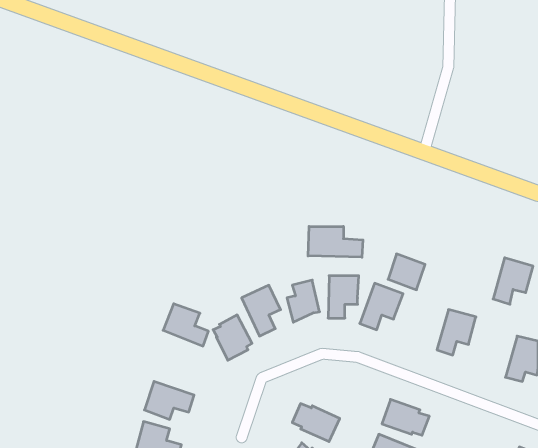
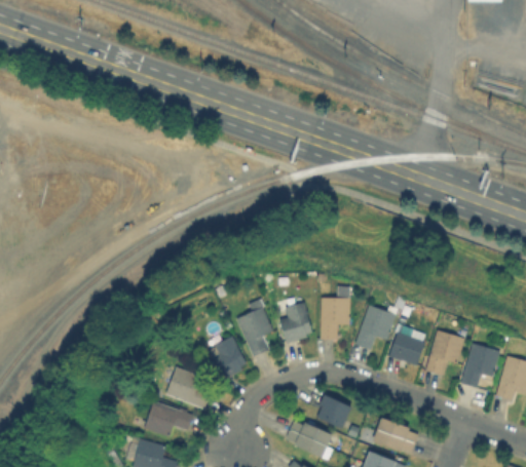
building: [308,226,363,257] -> none
building: [388,254,425,290] -> [386,332,422,366]
building: [493,258,533,304] -> [461,343,500,388]
building: [163,304,208,346] -> [166,367,211,408]
building: none -> [316,396,350,430]

